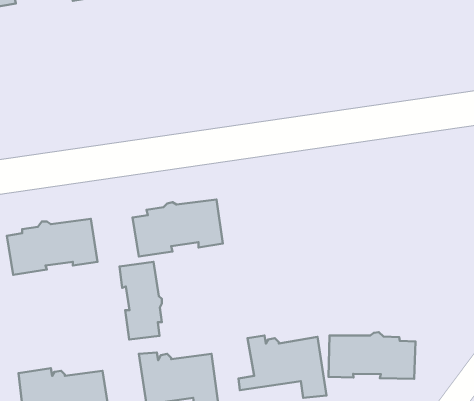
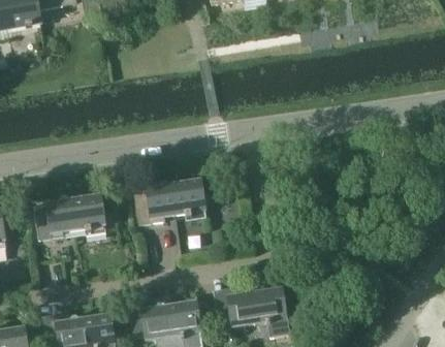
building: [119,262,162,339] -> none
building: [329,332,416,379] -> none

